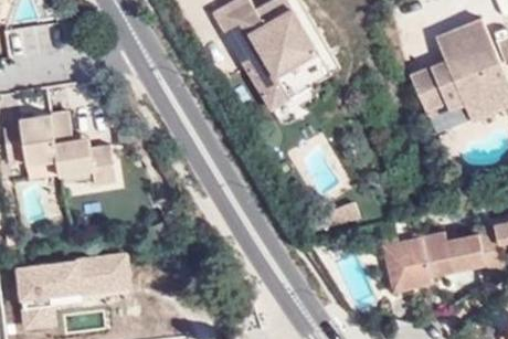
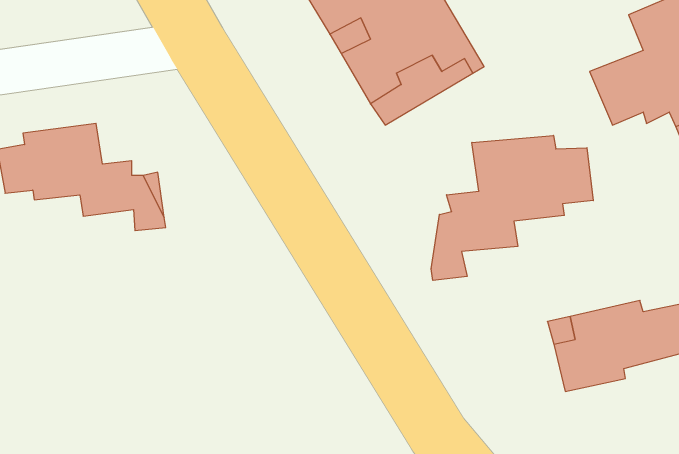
building: none -> [431,135,593,280]
building: [15,261,124,329] -> none

